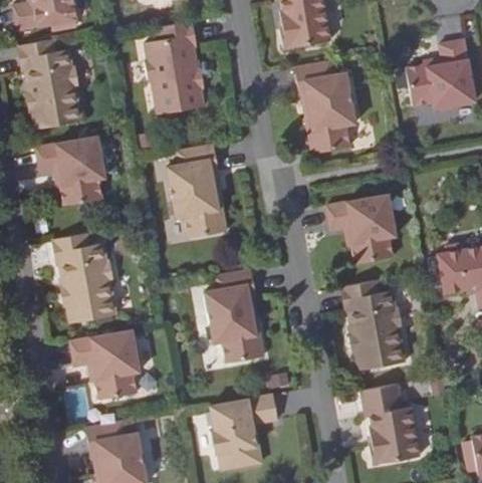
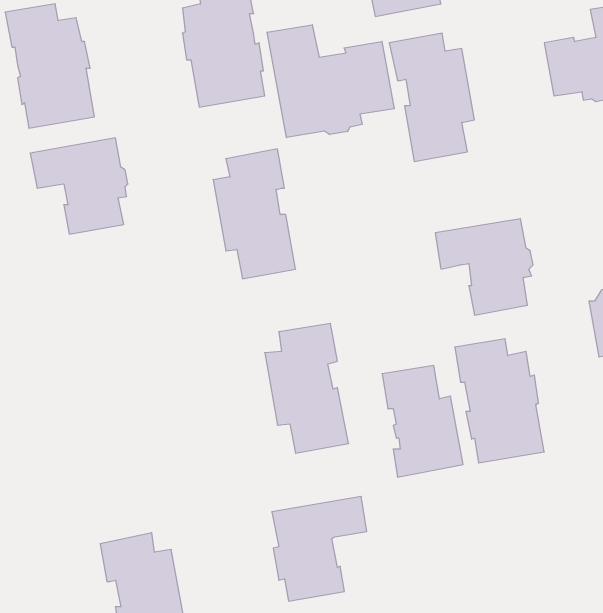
building: none -> [267,25,394,138]
building: [51,234,115,323] -> none
building: [70,330,140,400] -> none
building: [360,385,419,465] -> [382,365,463,477]

